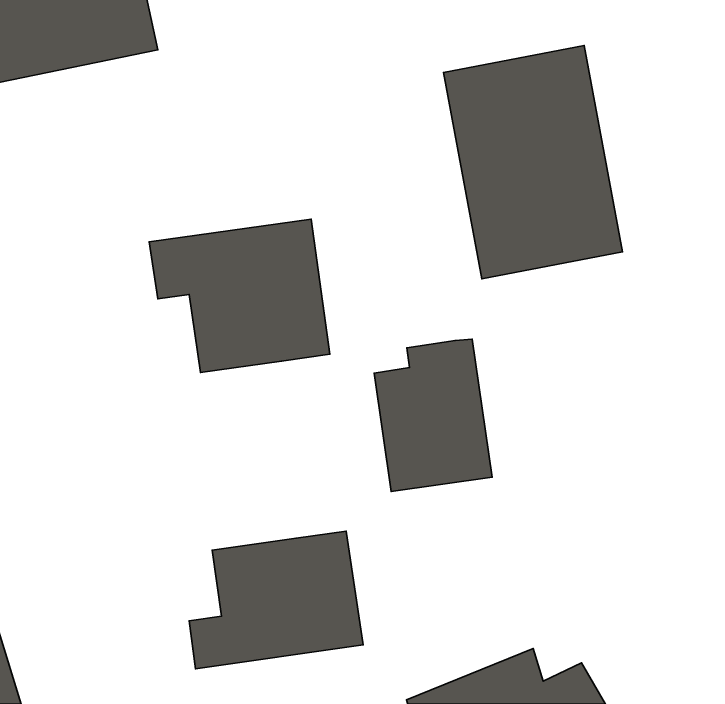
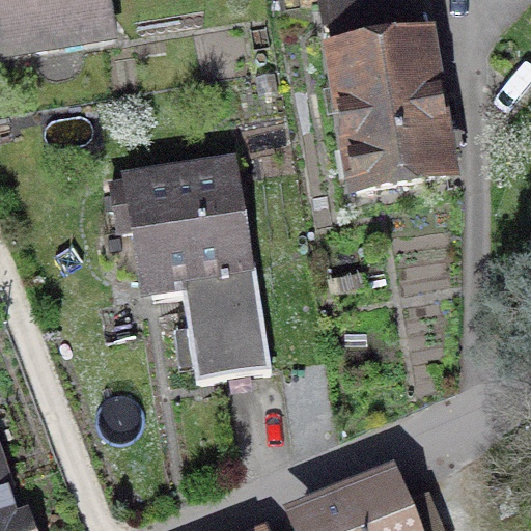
building: [374,339,492,491] -> [181,257,268,368]
building: [189,531,363,669] -> none

